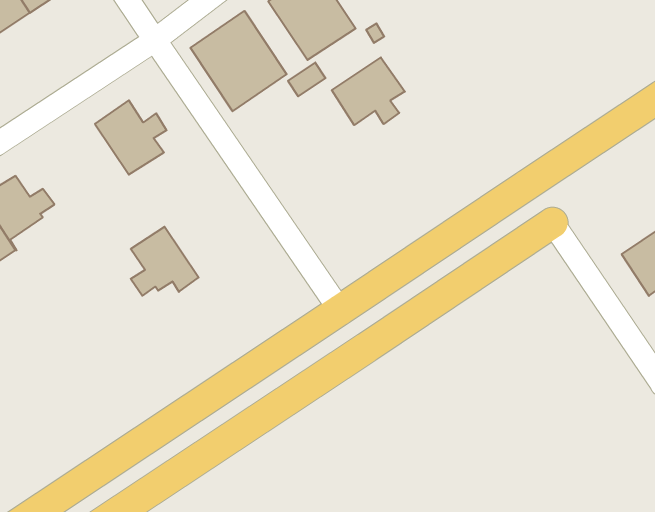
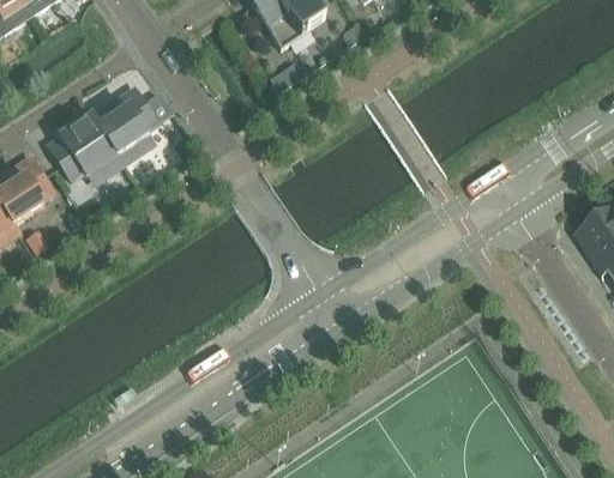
building: [190,11,287,111] -> none
building: [332,57,405,125] -> none
building: [131,227,199,296] -> [60,116,122,180]

